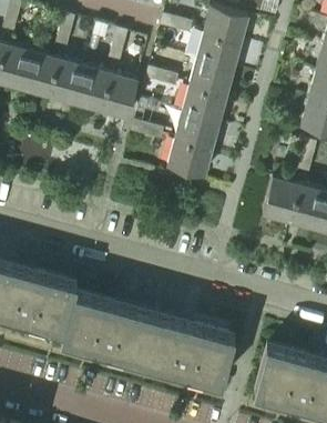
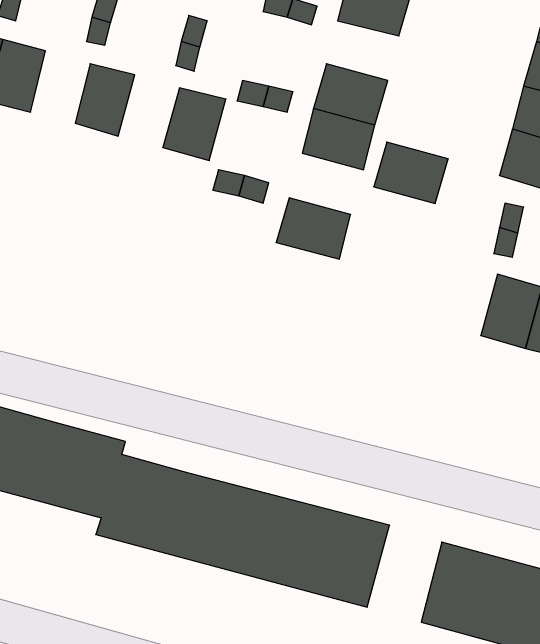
building: [197,34,241,70] -> none
building: [21,52,57,95] -> none
building: [73,67,110,110] -> none
building: [175,113,219,150] -> [374,142,448,203]
building: [262,179,299,222] -> none

